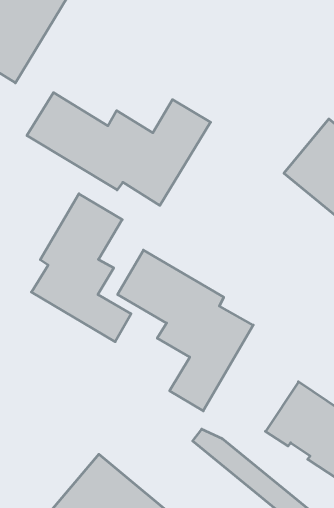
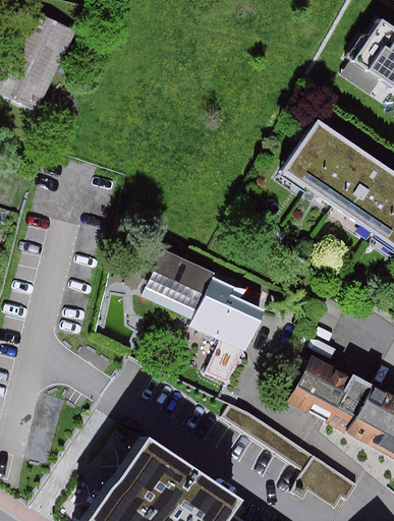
building: [27,93,211,205] -> none
building: [31,194,131,342] -> none

